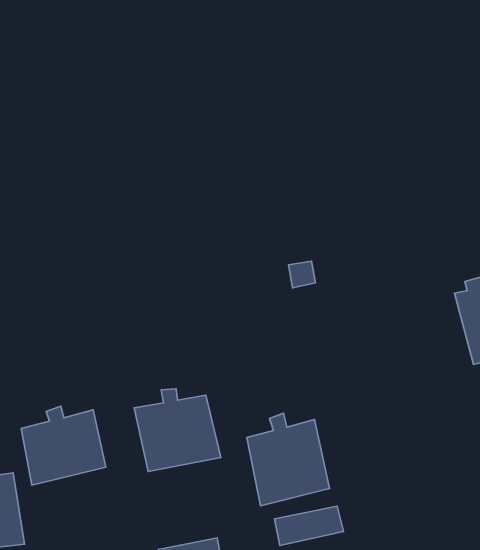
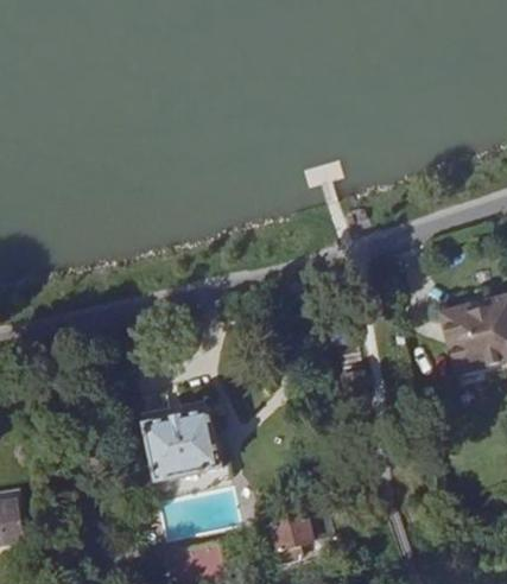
building: [21,406,106,485] -> none
building: [247,413,330,506] -> none

